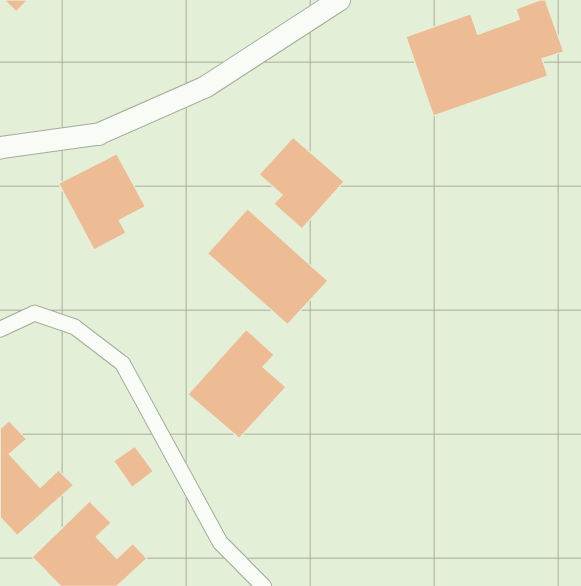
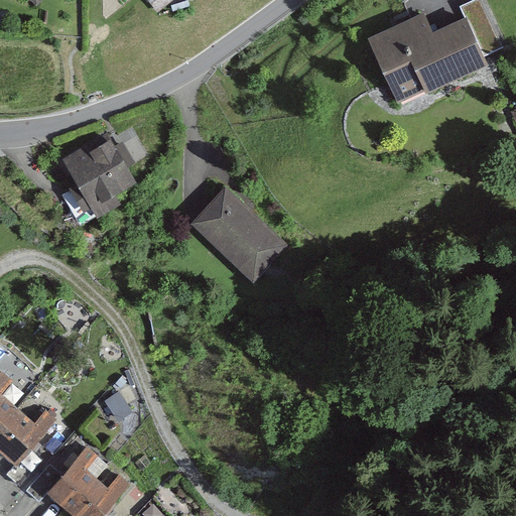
building: [259,137,344,229] -> none
building: [188,330,286,439] -> none

